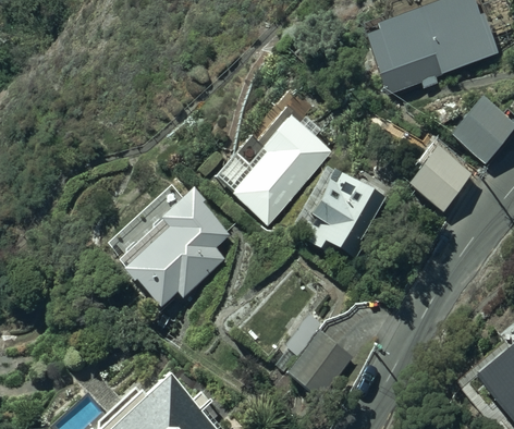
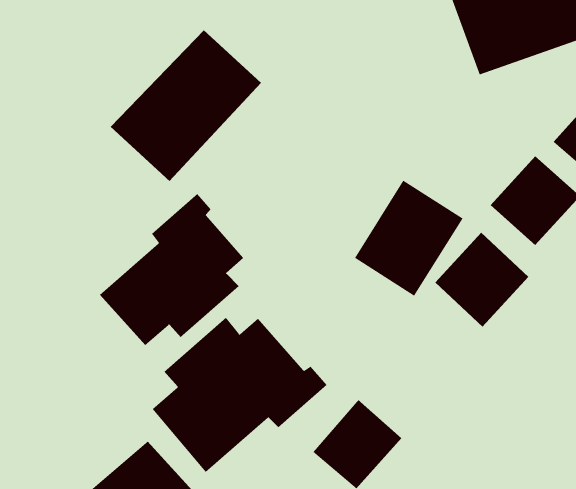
building: [225,110,333,222] -> [110,29,262,182]
building: none -> [435,232,529,327]
building: none -> [152,317,328,473]

